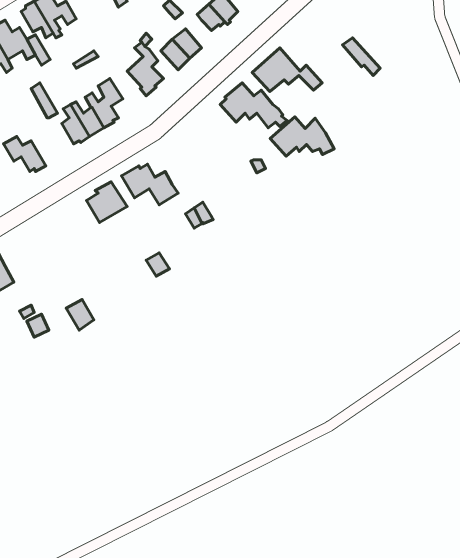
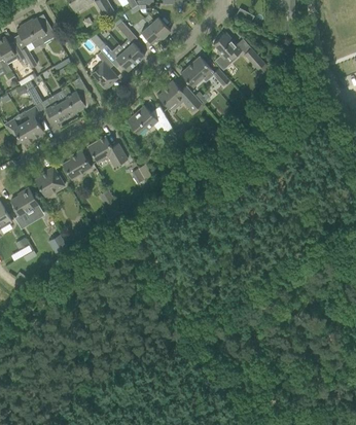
building: none -> [213,32,242,70]
building: [270,117,334,156] -> [127,105,172,133]
building: none -> [24,105,43,139]
building: none -> [35,166,65,197]
building: none -> [10,187,42,218]

